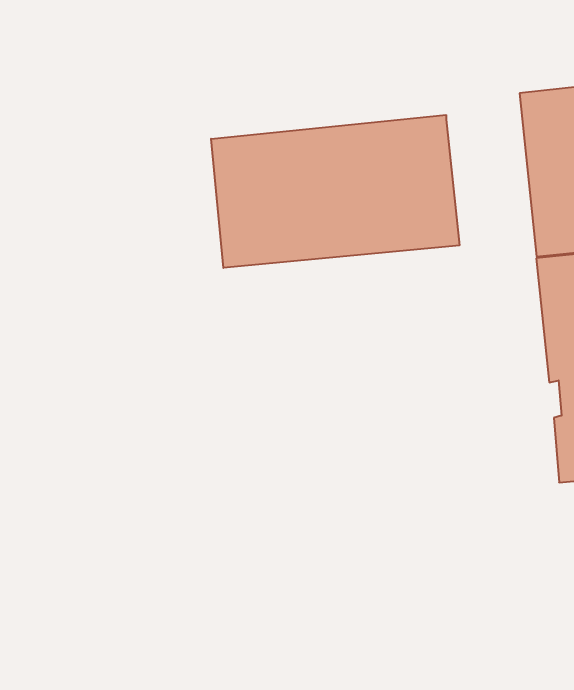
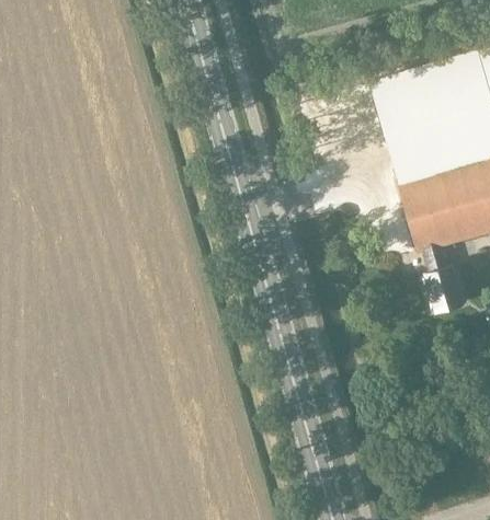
building: [211,115,459,268] -> none

